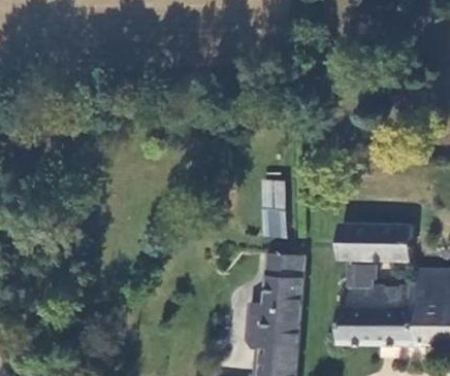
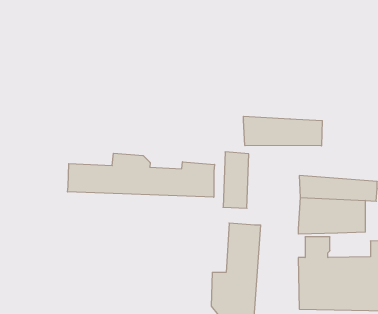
building: none -> [244,116,322,146]
building: none -> [68,153,215,197]

